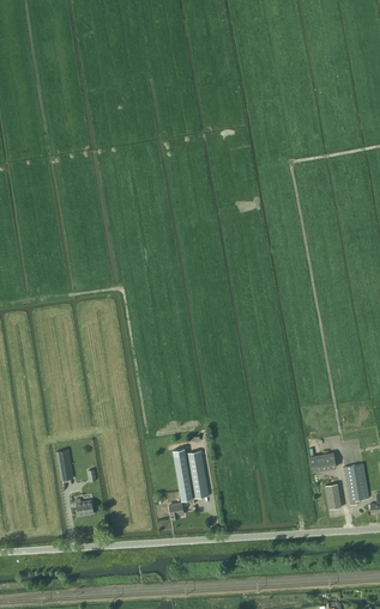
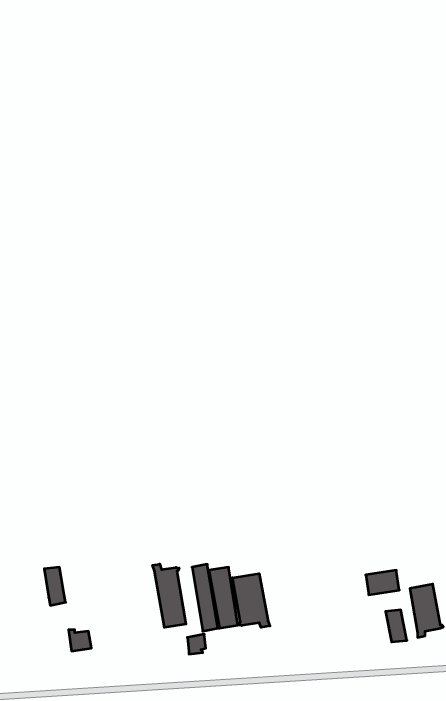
building: none -> [153,564,186,627]
building: none -> [233,574,270,627]

